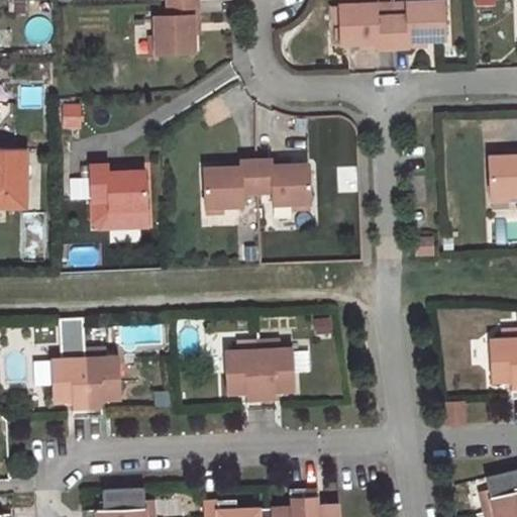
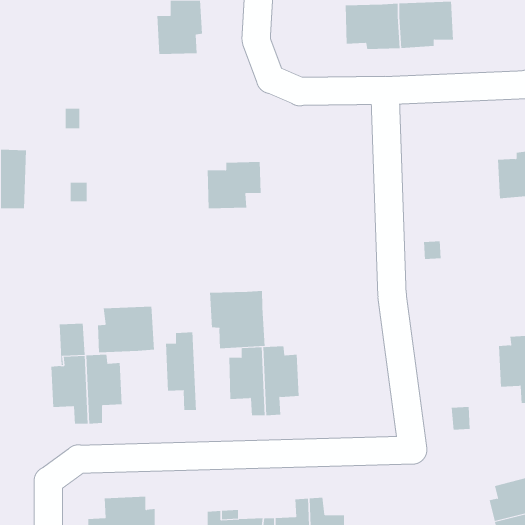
building: [256,159,311,203] -> none
building: [90,164,147,228] -> none
building: none -> [210,290,265,349]
building: none -> [97,306,155,353]
building: none -> [165,332,196,411]

